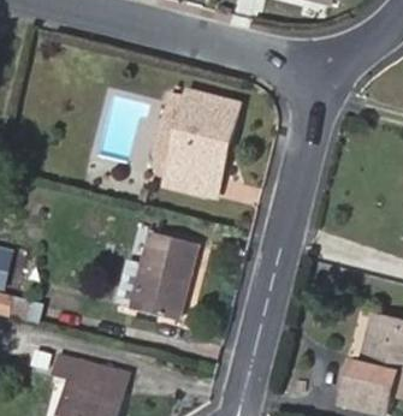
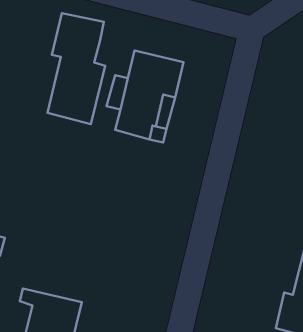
building: none -> [48,13,105,124]
building: [115,232,197,320] -> none

